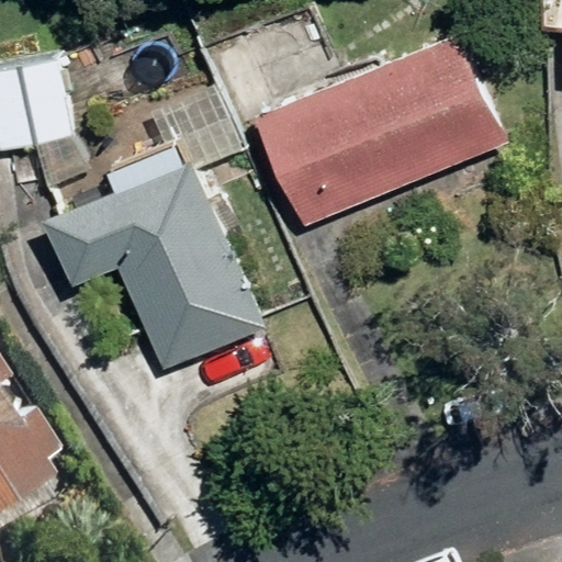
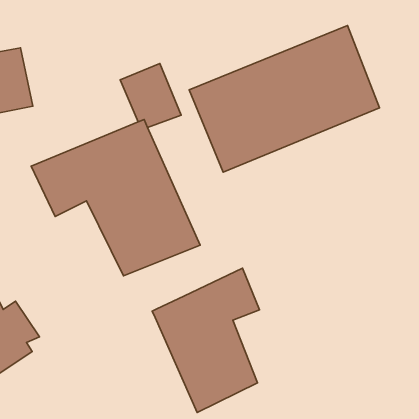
building: none -> [152,268,260,412]

